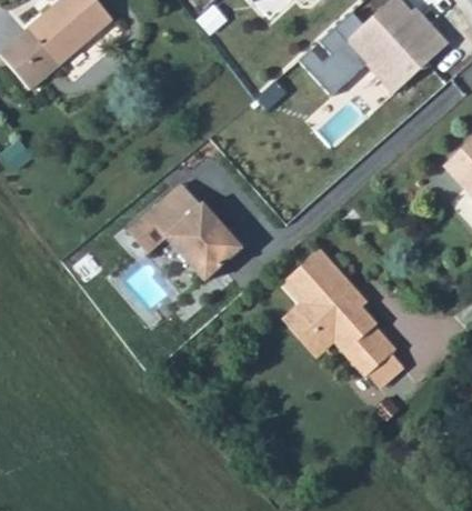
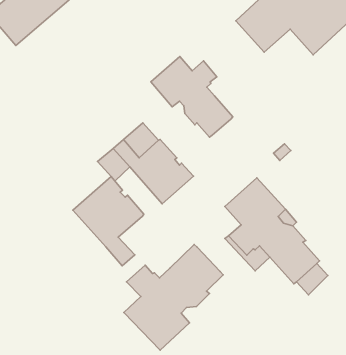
building: none -> [151,56,233,137]
building: none -> [73,176,144,266]
building: none -> [124,245,223,350]

